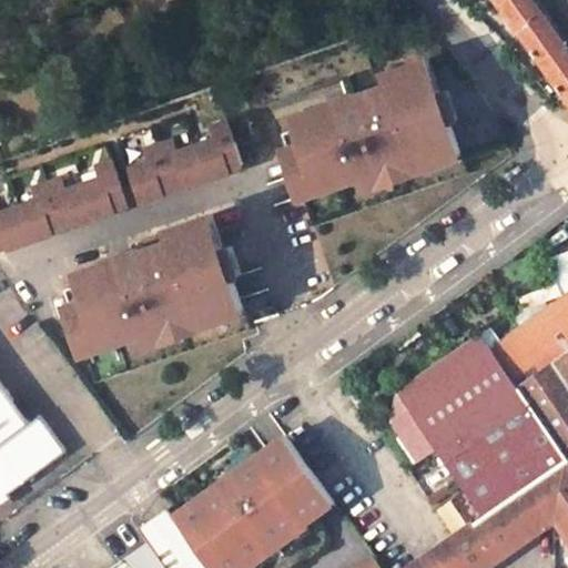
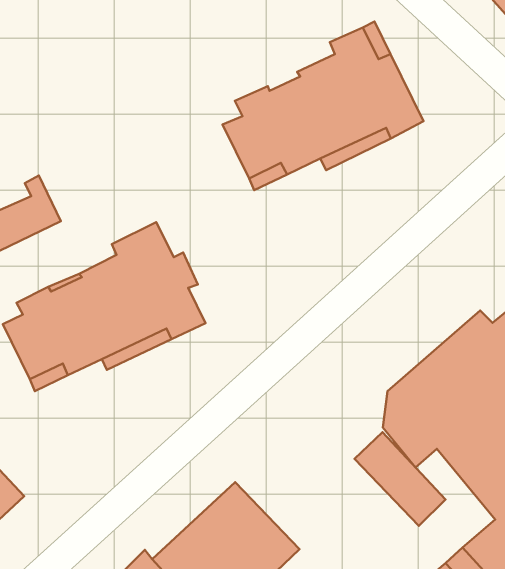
building: [129,123,240,202] -> none
building: [254,437,332,525] -> [355,432,446,526]

